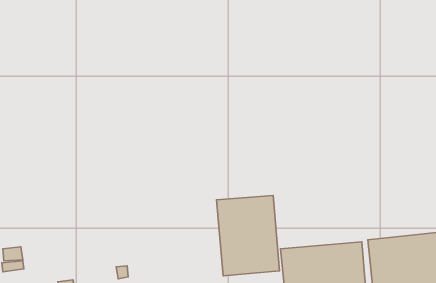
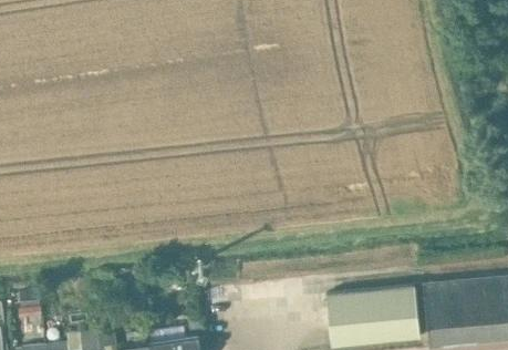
building: [216,195,280,276] -> none

